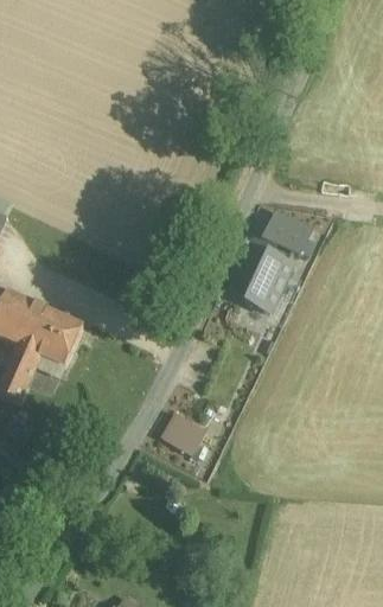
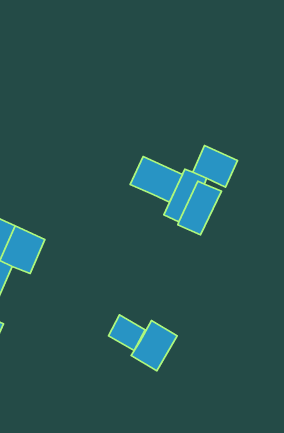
building: none -> [130,157,182,202]
building: none -> [131,321,177,371]

